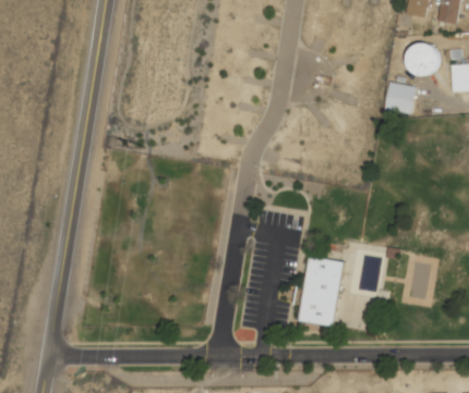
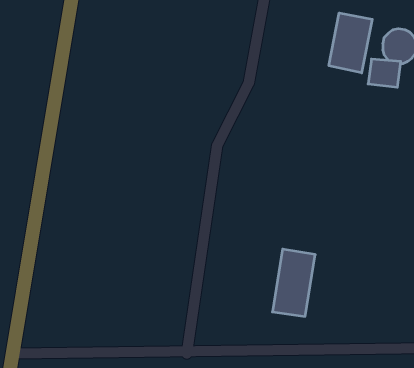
building: none -> [329,13,372,73]

